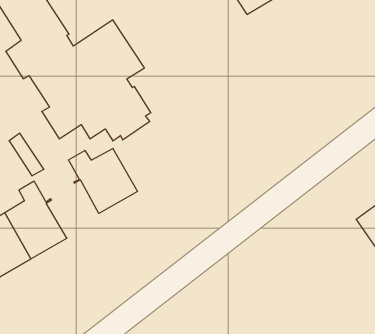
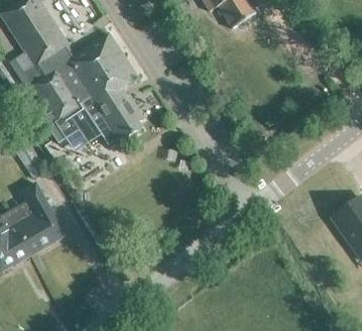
building: [68,148,137,213] -> none

